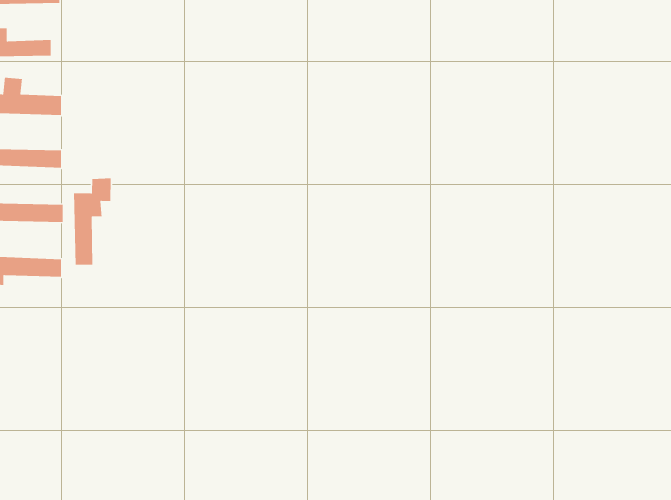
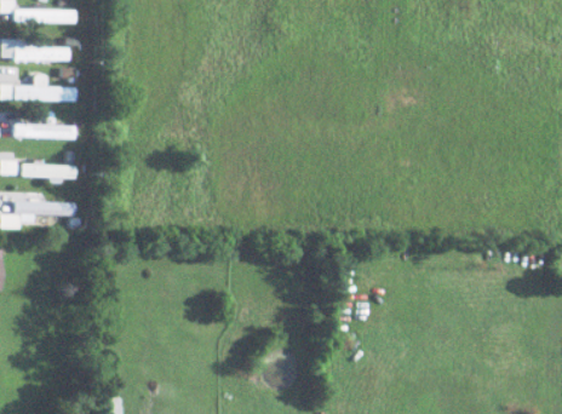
building: [73,178,112,265] -> none

